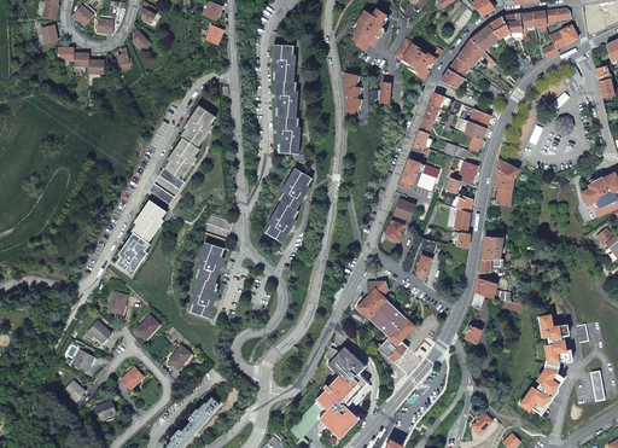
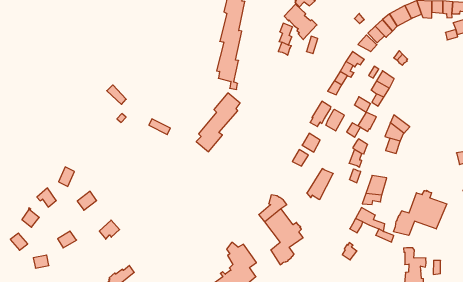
building: [395,39,436,80] -> [284,4,317,40]
building: [158,105,212,190] -> none
building: [116,199,163,274] -> none
building: [190,232,226,316] -> none
building: none -> [394,190,447,235]

